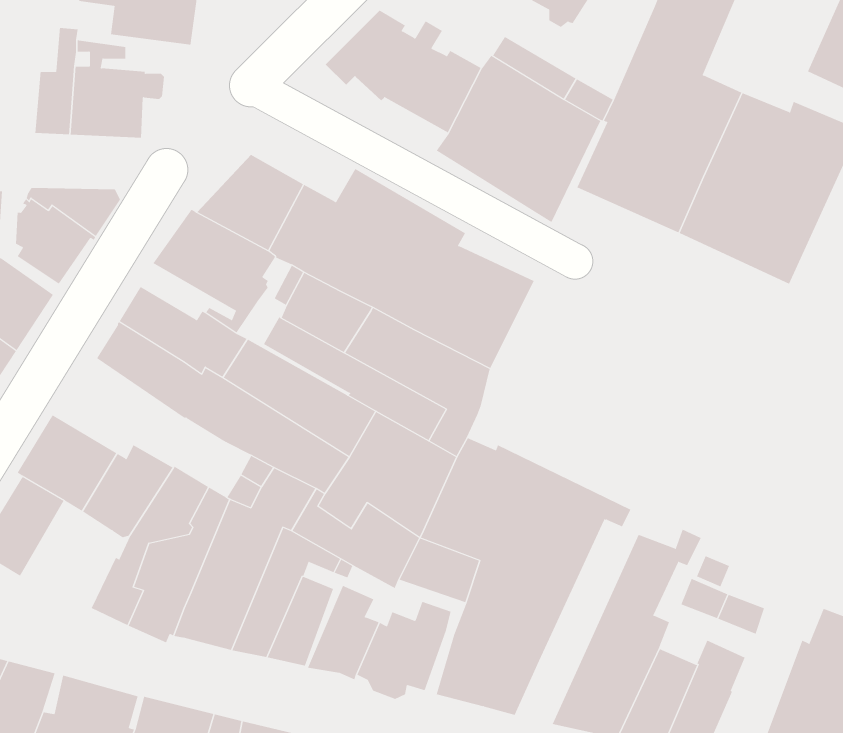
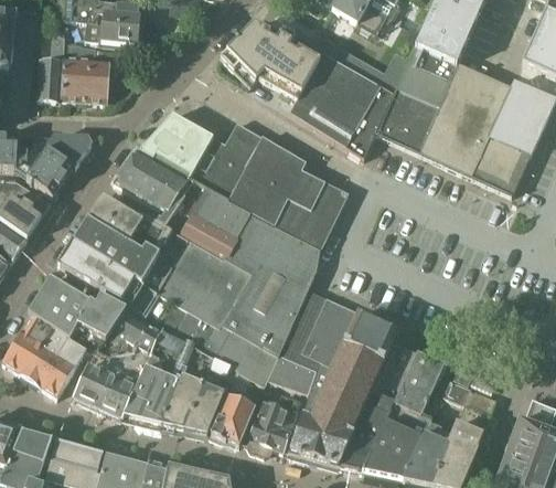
building: none -> [63,241,158,317]
building: none -> [29,330,86,395]
building: none -> [339,342,416,470]

